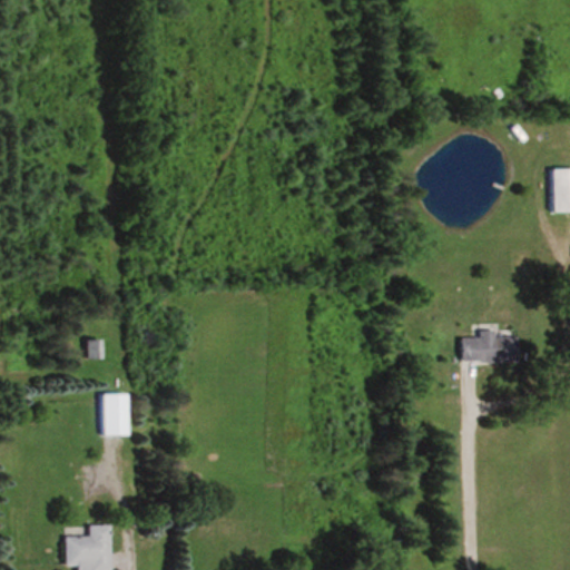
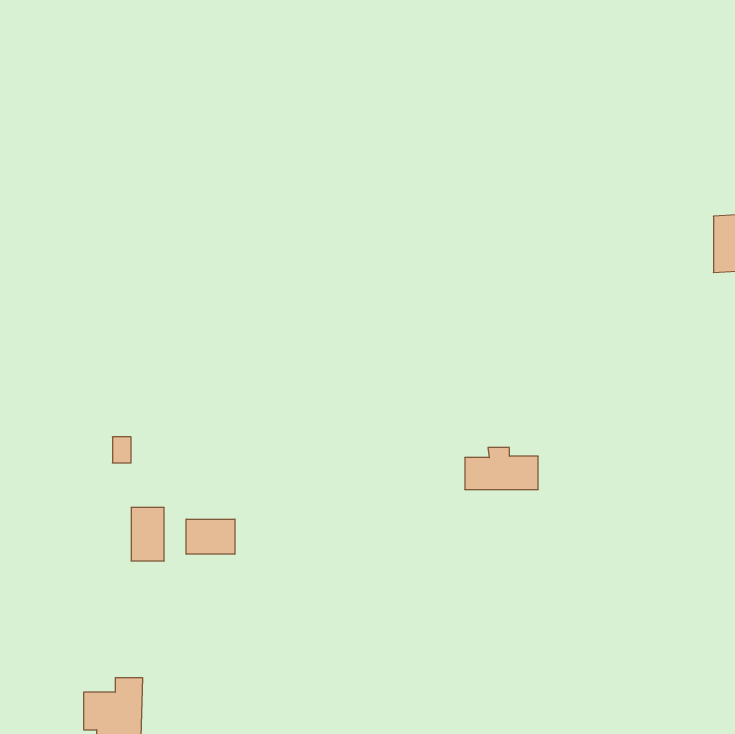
building: [462,330,519,362] -> [465,448,538,489]
building: none -> [186,519,235,554]

